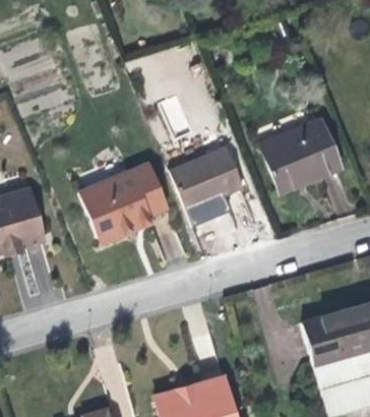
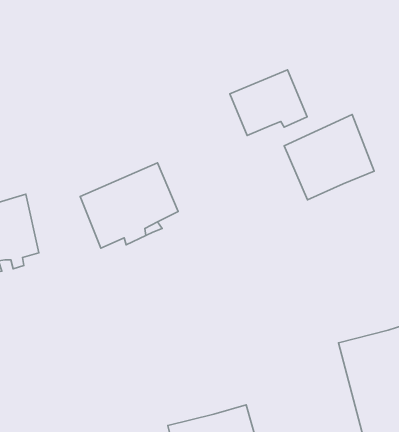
building: [170,148,238,206] -> [230,70,307,135]

